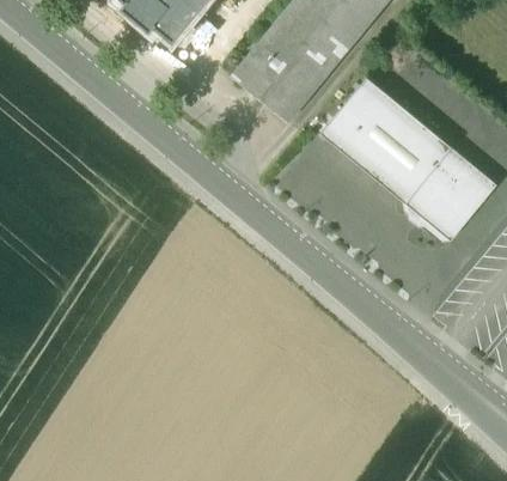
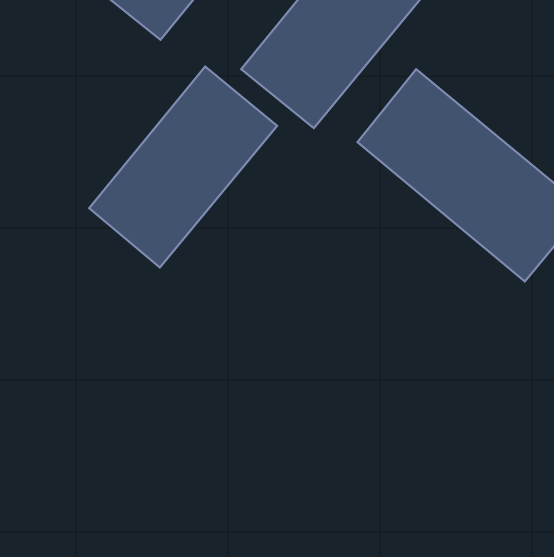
building: none -> [89,67,277,267]

